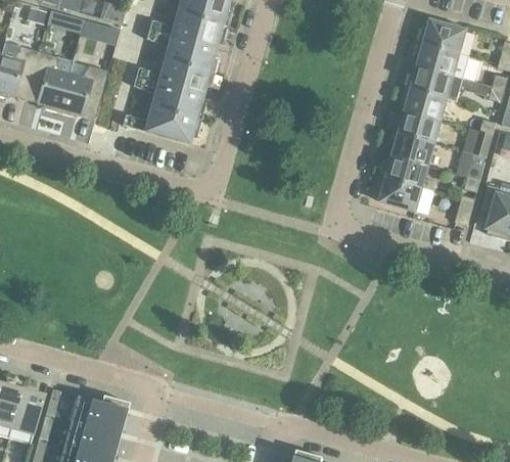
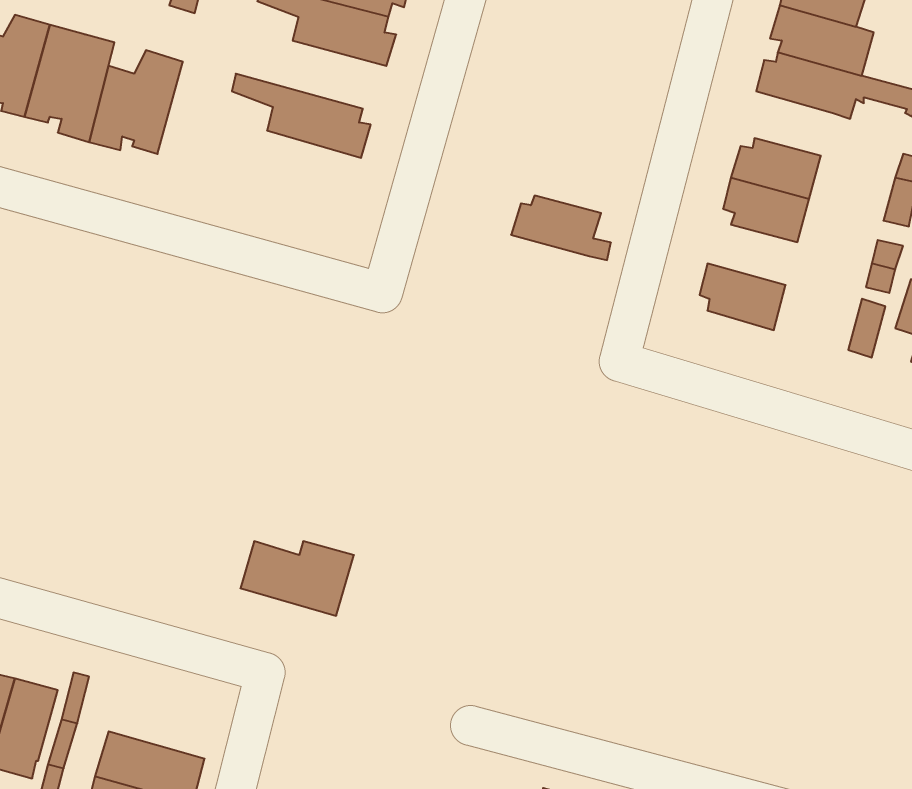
building: [135,59,214,95] -> none
building: [402,86,447,120] -> none
building: [122,106,200,143] -> none
building: [381,155,433,189] -> [511,196,611,260]
building: [68,396,128,434] -> [240,541,354,616]

